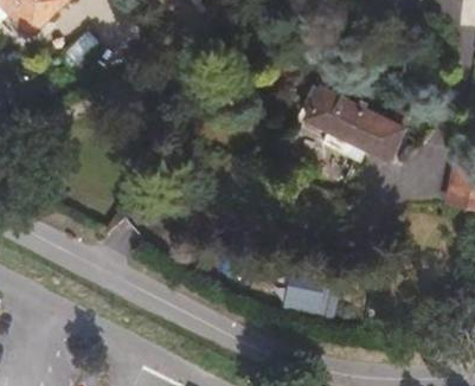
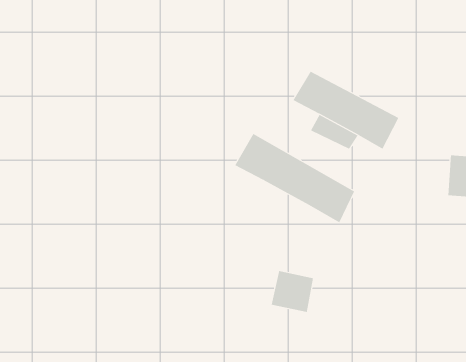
building: none -> [234,133,355,223]

